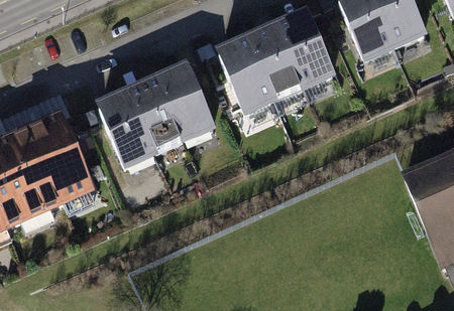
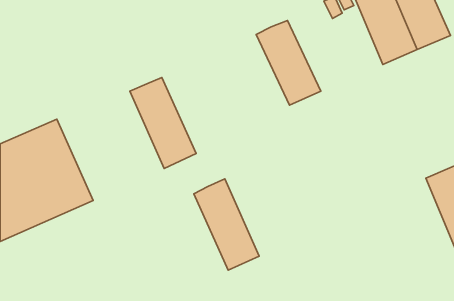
building: [273,6,334,87] -> none
building: [215,33,275,114] -> none
building: [155,59,217,145] -> [194,179,259,270]
building: [95,87,157,172] -> none

